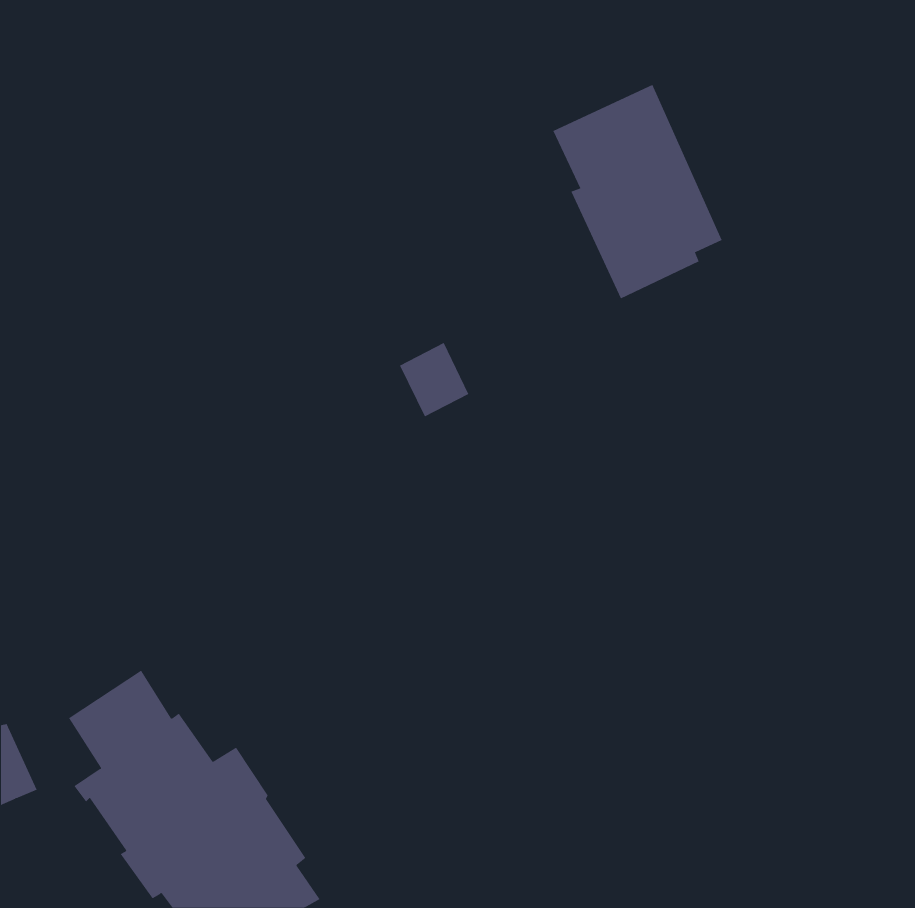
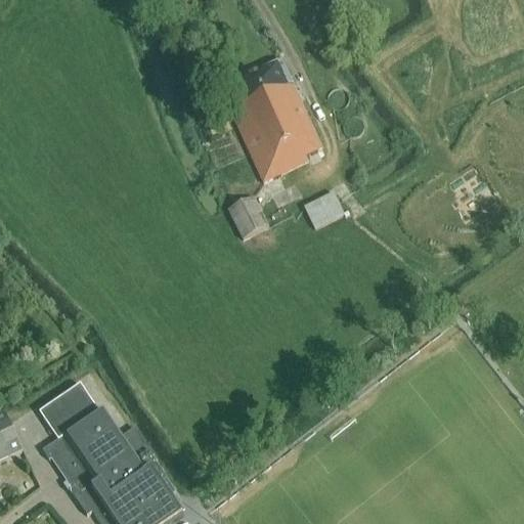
building: [553,84,723,299] -> [224,58,321,181]
building: none -> [304,191,344,227]

